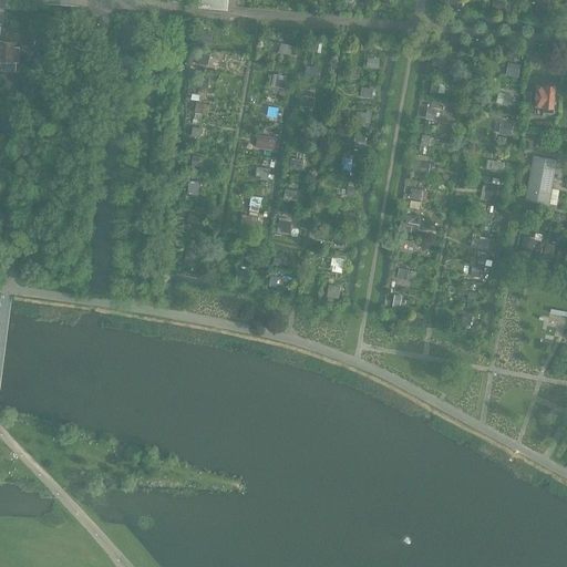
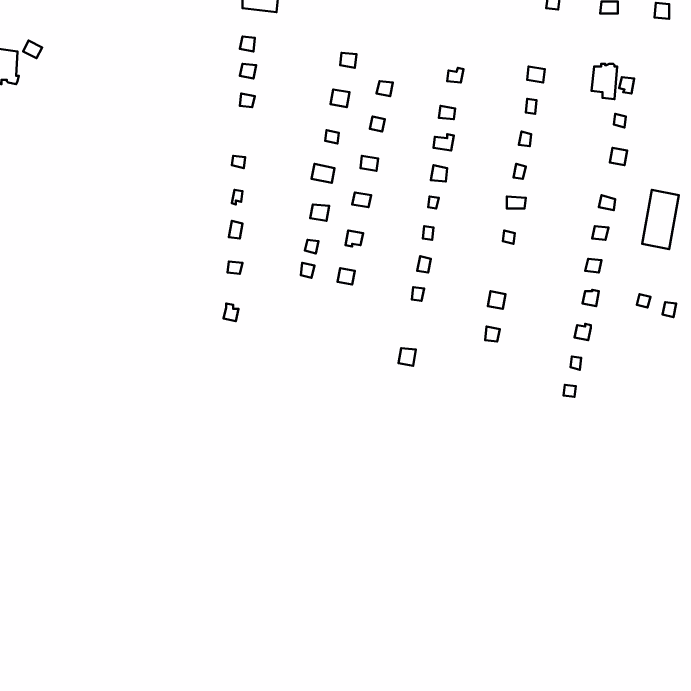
building: [534,83,555,112] -> [592,64,617,99]

